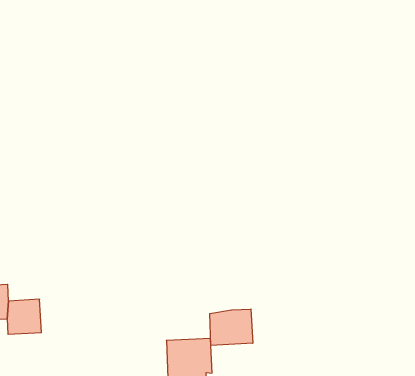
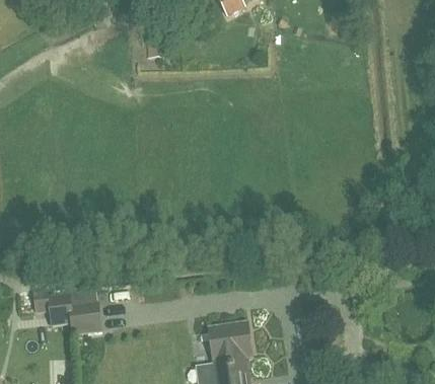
building: [210,309,253,345] -> none

